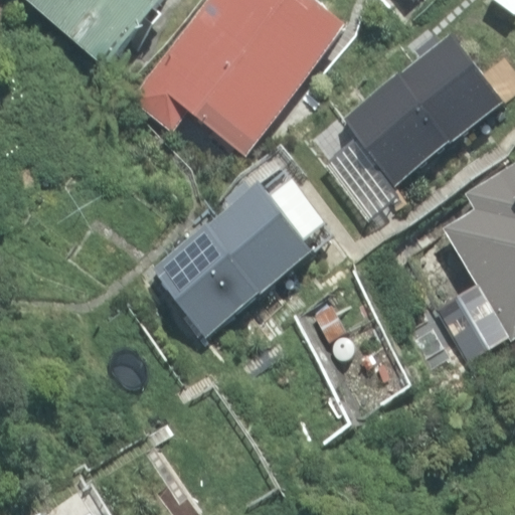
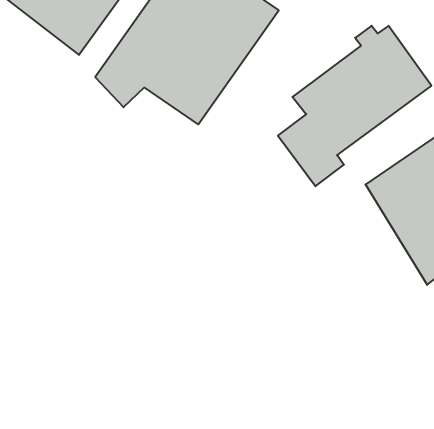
building: [158,180,318,333] -> none

